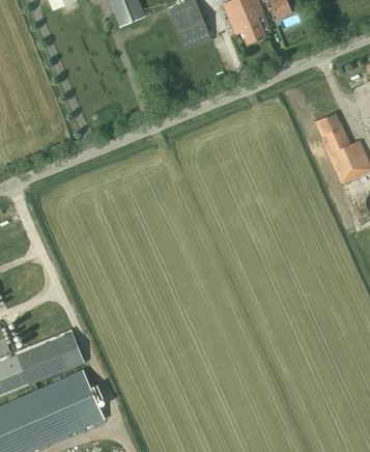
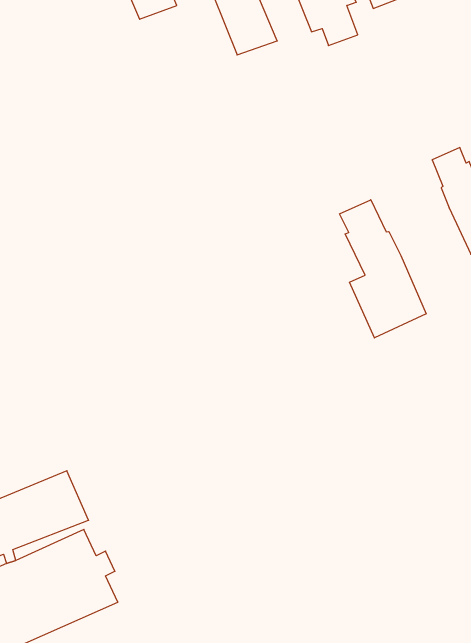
building: none -> [340,200,426,338]

